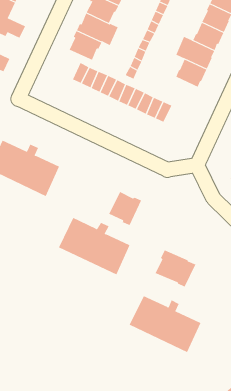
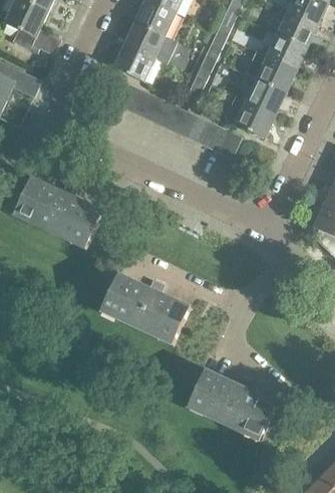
building: none -> [225,96,274,138]
building: [109,191,142,226] -> none
building: [155,249,196,287] -> none

